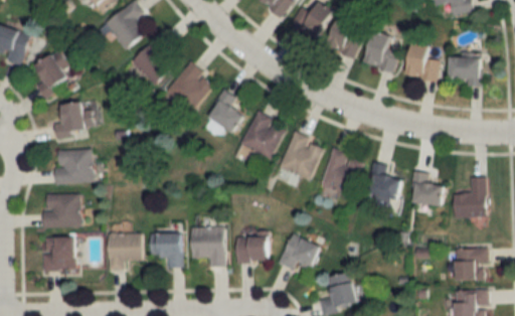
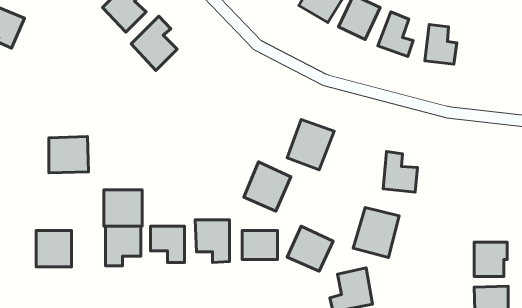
building: [35,50,71,96] -> none
building: [449,53,481,86] -> none
building: [164,60,214,112] -> none
building: [204,89,243,132] -> none
building: [51,101,89,137] -> none
building: [239,112,284,158] -> [244,162,291,211]
building: [319,149,362,196] -> [353,207,399,258]
building: [410,170,444,205] -> none
building: [454,176,485,215] -> none
building: [41,193,77,227] -> [104,190,142,226]

